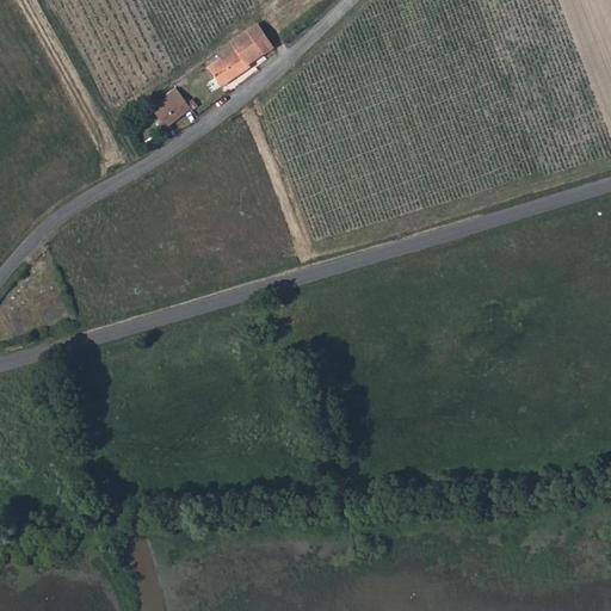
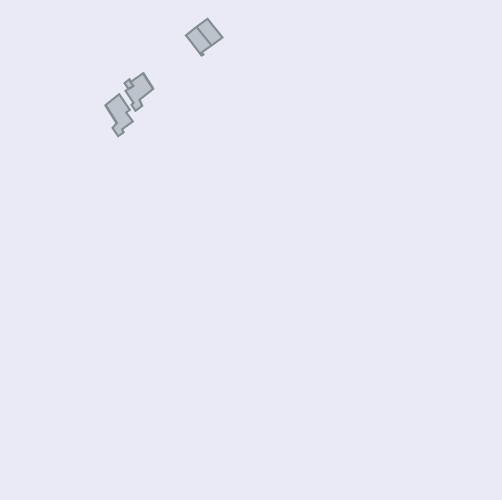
building: [208,50,247,87] -> none
building: none -> [105,94,133,136]

